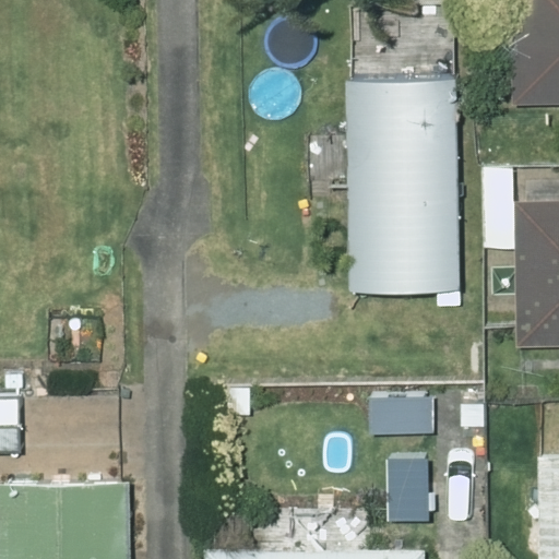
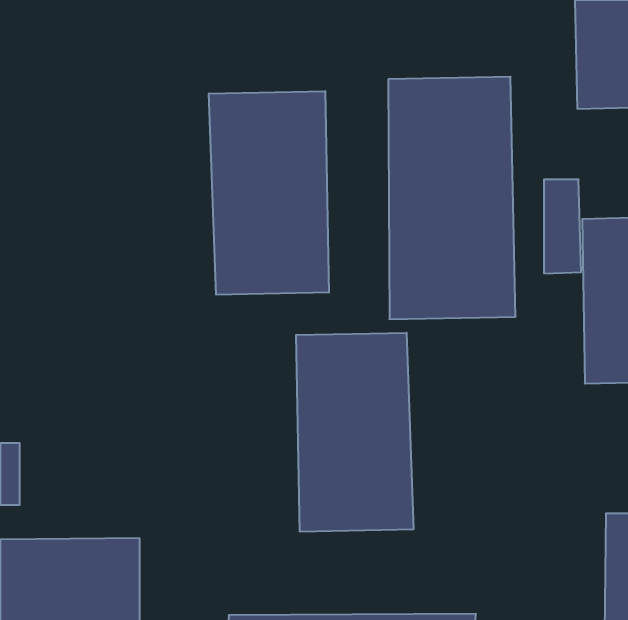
building: none -> [209,91,329,295]
building: none -> [296,333,413,532]

